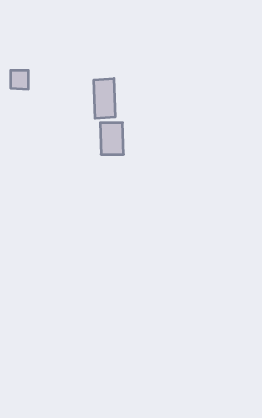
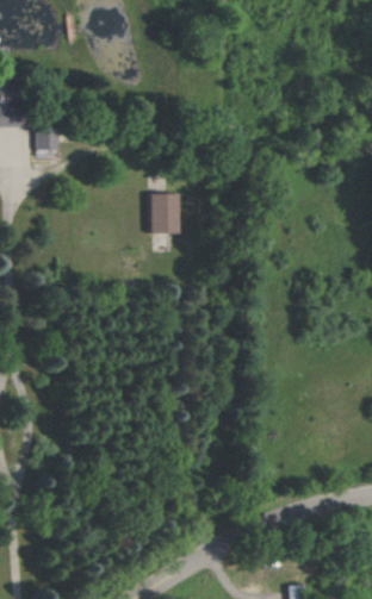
building: [94,78,115,118] -> none

